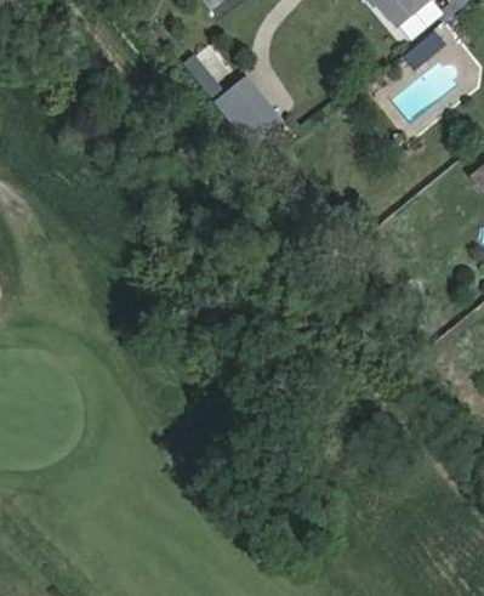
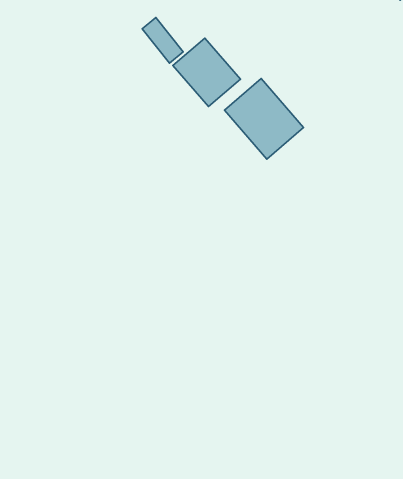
building: none -> [225,78,304,159]

